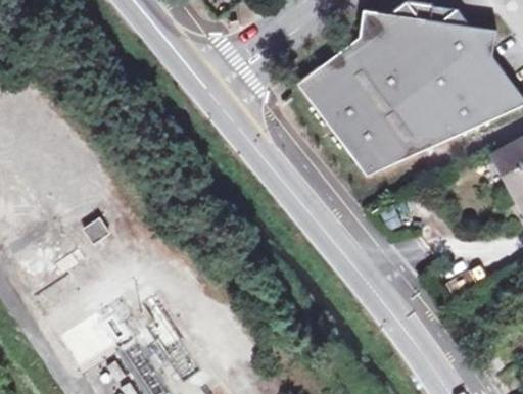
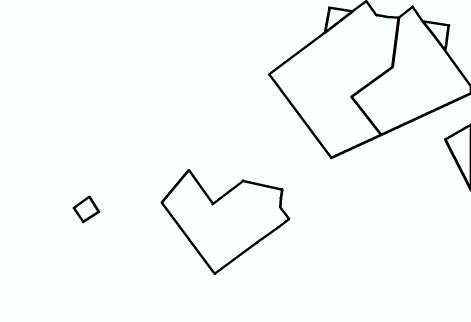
building: none -> [162,170,289,274]

